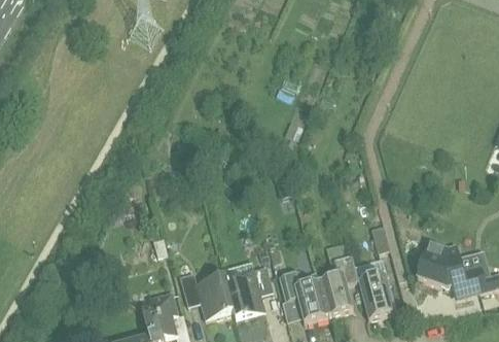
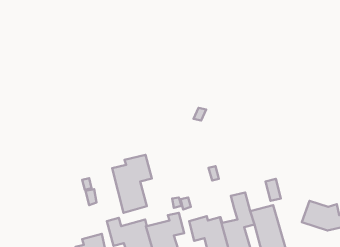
building: none -> [112,155,152,213]

